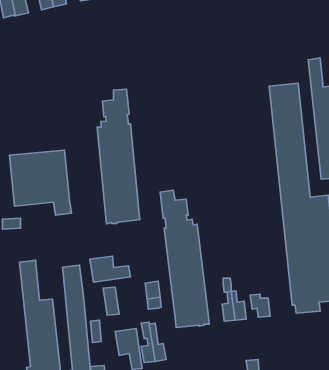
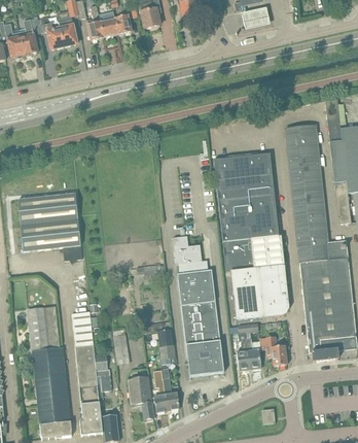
building: [97,89,140,224] -> none
building: none -> [214,151,287,319]
building: [90,256,131,282] -> none

